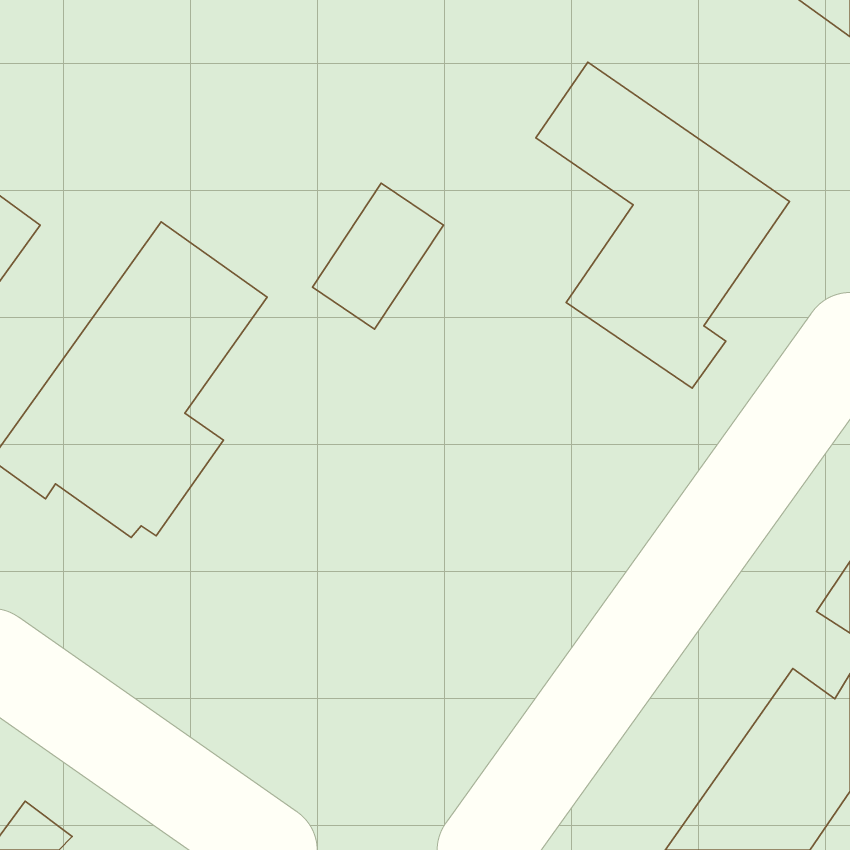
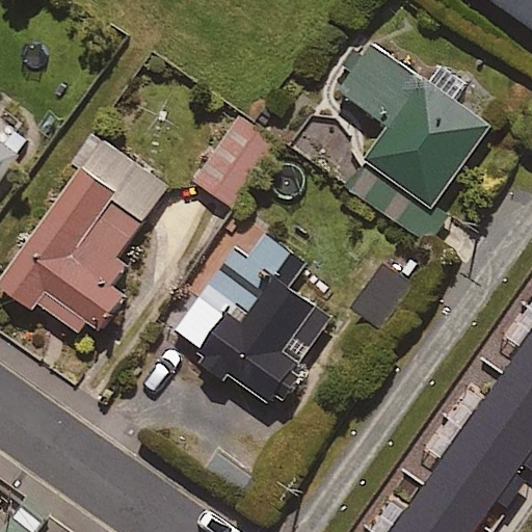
building: none -> [168,229,325,407]

